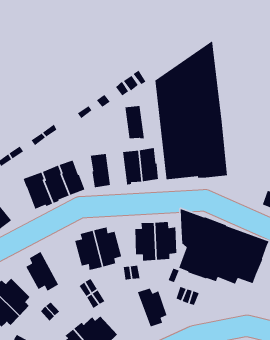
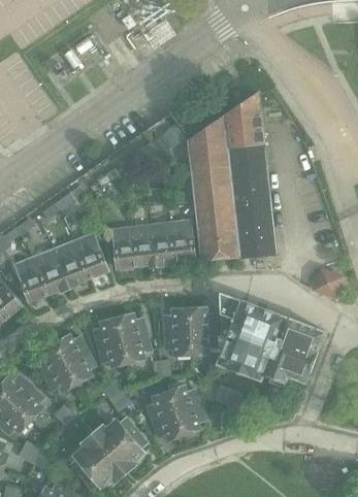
building: [125,105,145,139] -> [132,226,156,266]
building: none -> [15,258,47,302]
building: none -> [55,336,95,384]
building: none -> [148,392,184,440]

